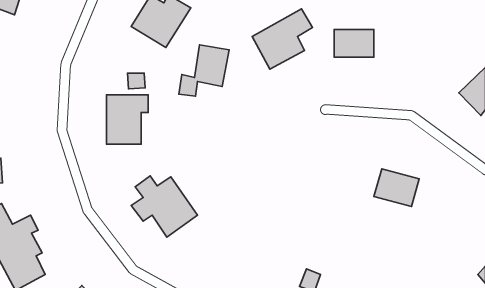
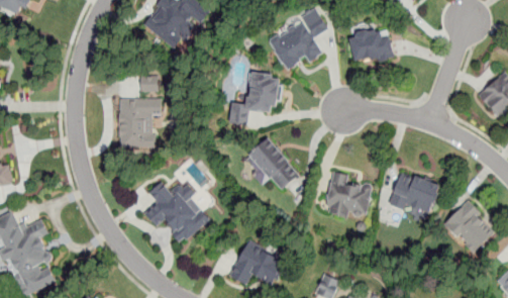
building: [179,45,229,96] -> [229,71,281,123]
building: none -> [246,139,298,193]
building: none -> [321,172,371,220]
building: none -> [445,203,489,247]
building: none -> [230,237,286,285]

